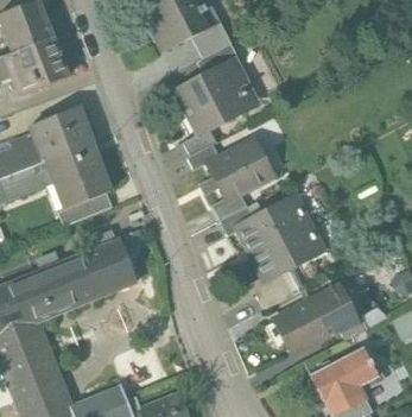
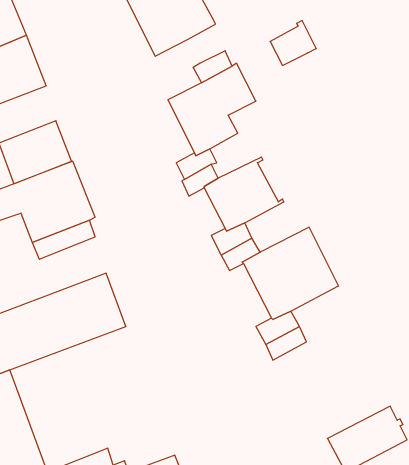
building: [191,20,230,58] -> [270,21,316,65]
building: [277,289,353,350] -> none

